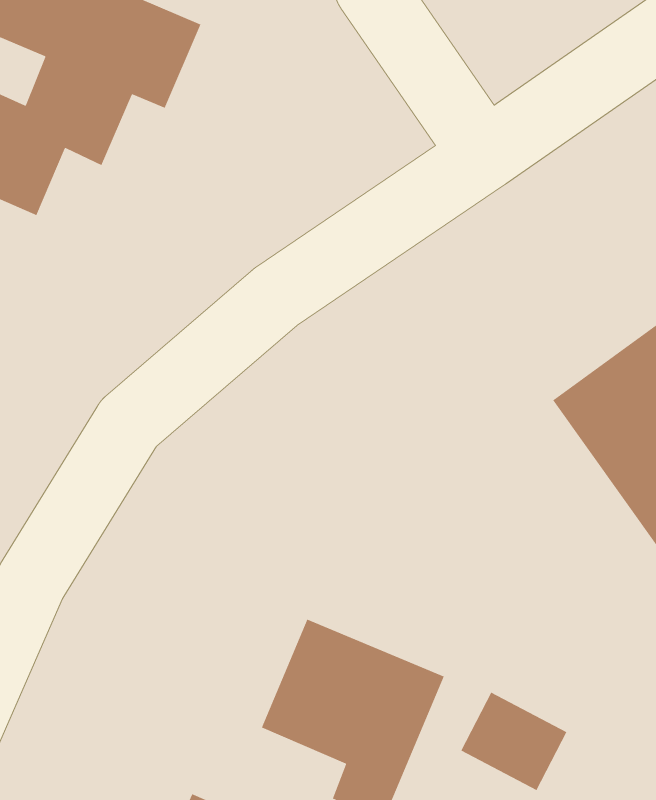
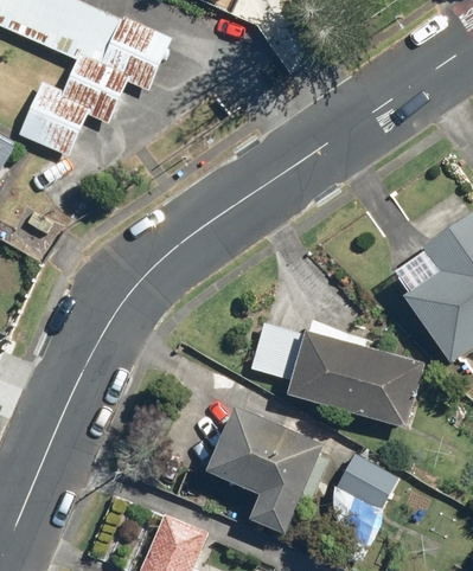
building: none -> [251,323,422,428]

